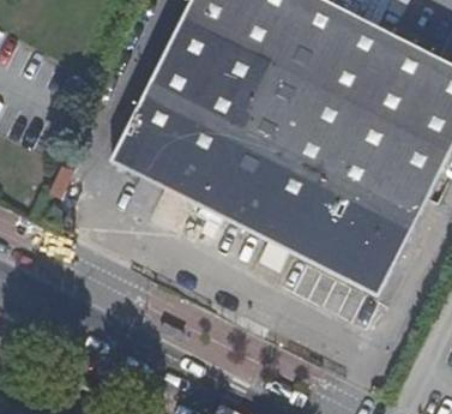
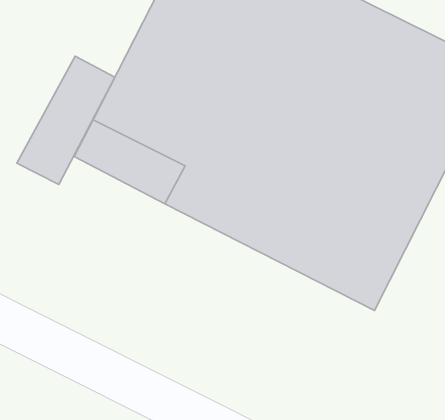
building: none -> [17,56,115,184]

